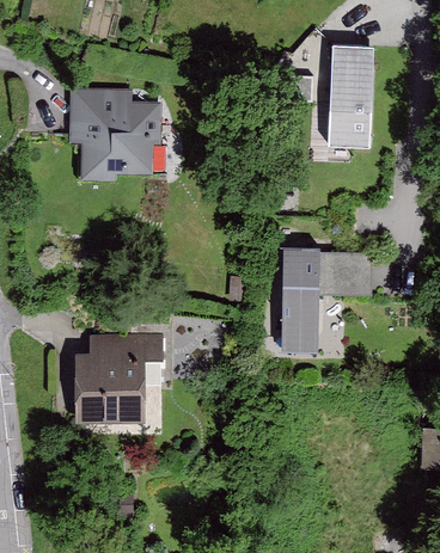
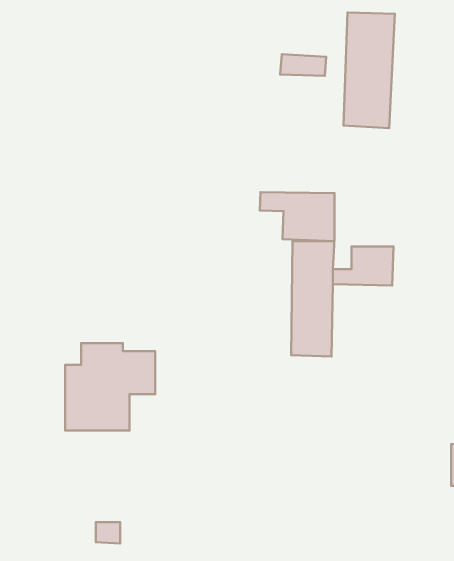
building: [75,93,154,180] -> none
building: none -> [260,192,335,241]

